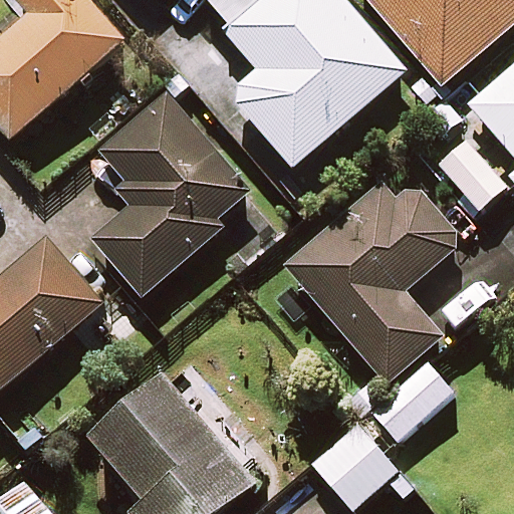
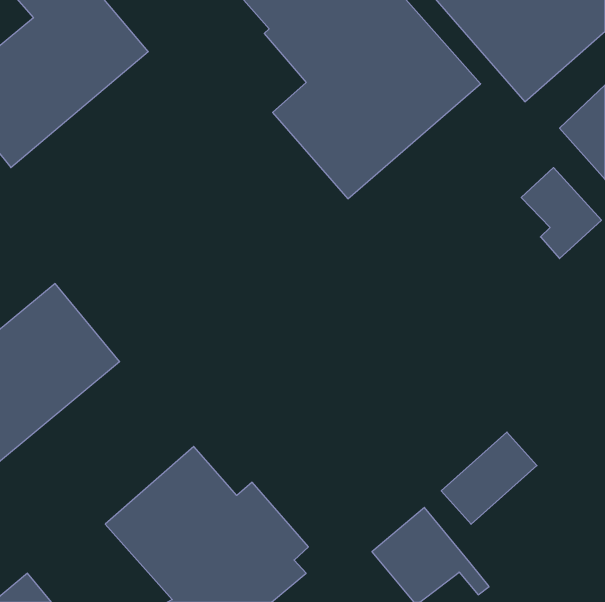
building: [90,94,247,297] -> none
building: [283,164,464,383] -> none

